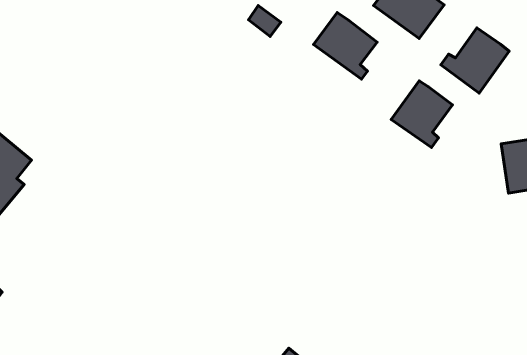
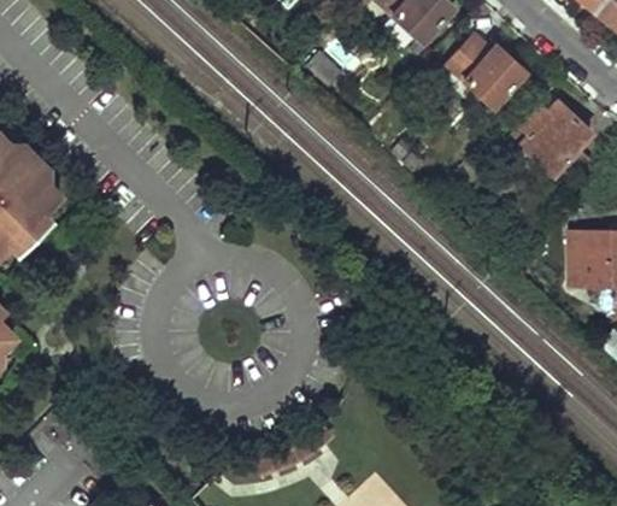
building: [314,13,377,79] -> none
building: [391,81,452,148] -> none

